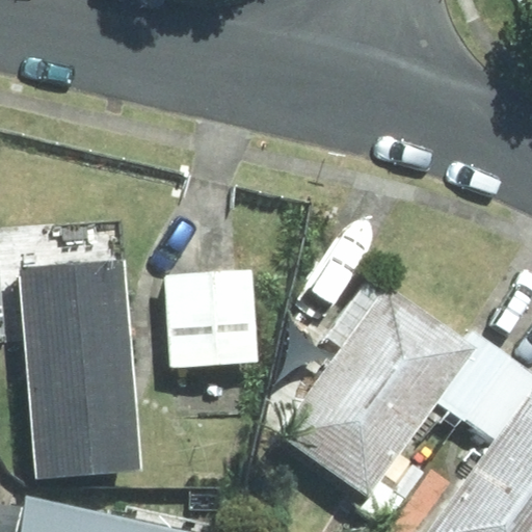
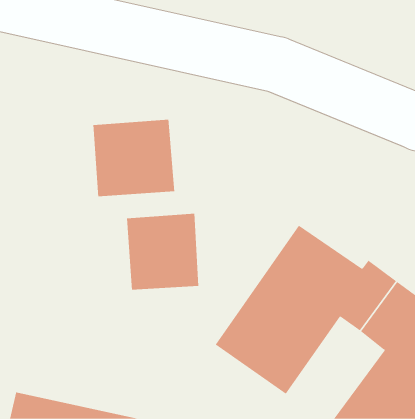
building: none -> [93,119,175,197]
building: [20,260,139,478] -> none

